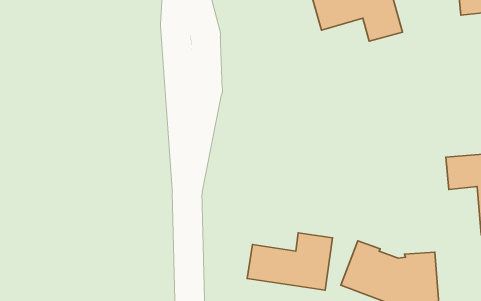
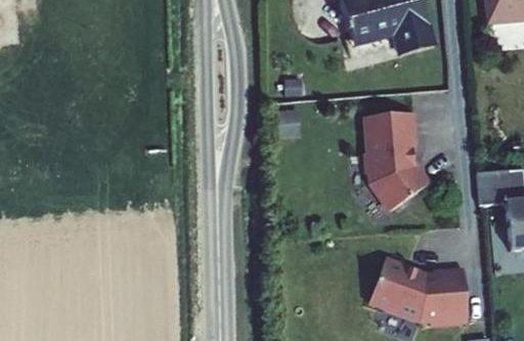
building: none -> [363,112,430,210]
building: [247,233,333,290] -> none

